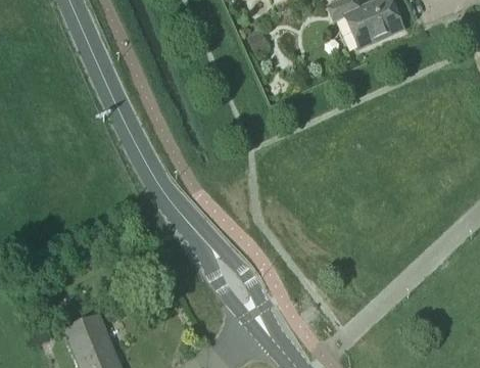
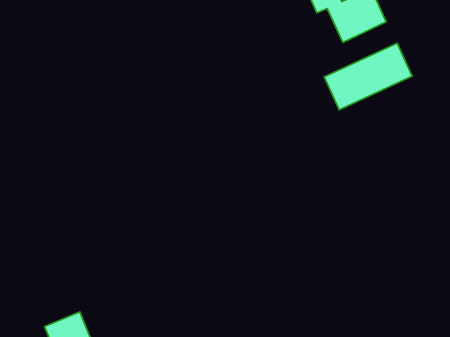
building: none -> [324,43,412,110]

